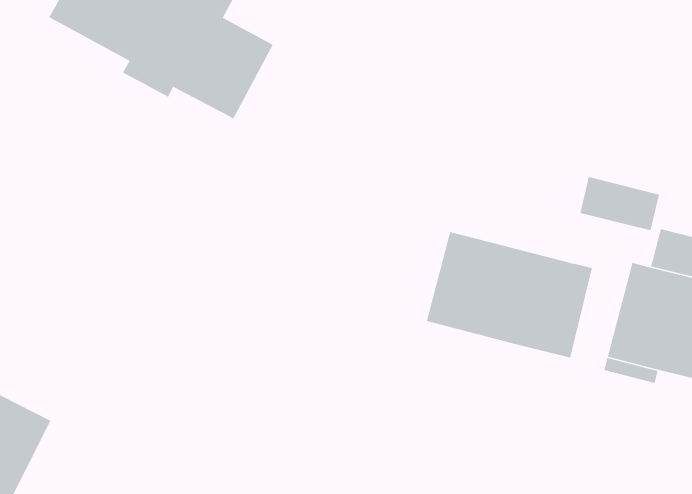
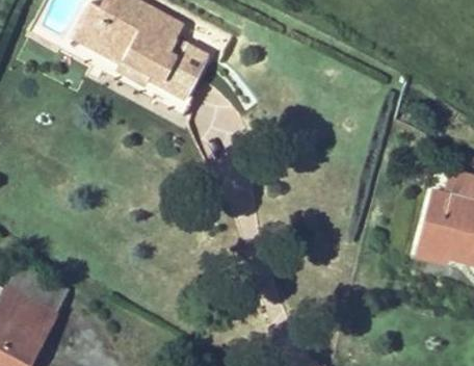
building: [580,176,660,231] -> none
building: [426,231,593,359] -> none

